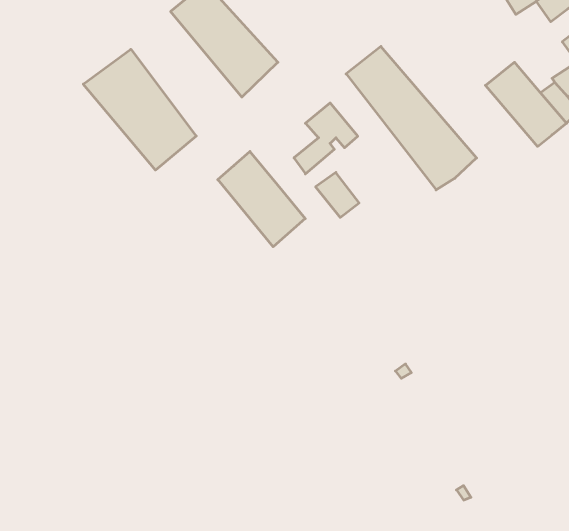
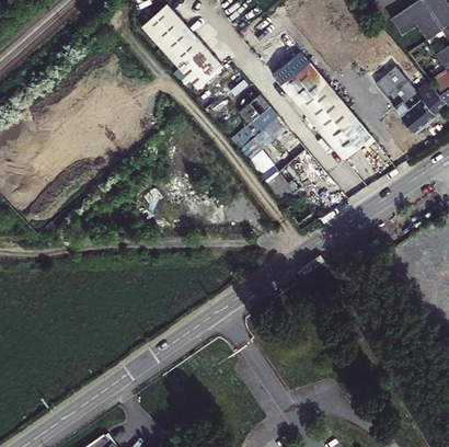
building: [83,49,196,170] -> none
building: [218,151,305,247] -> none

